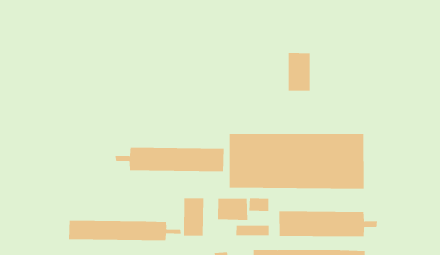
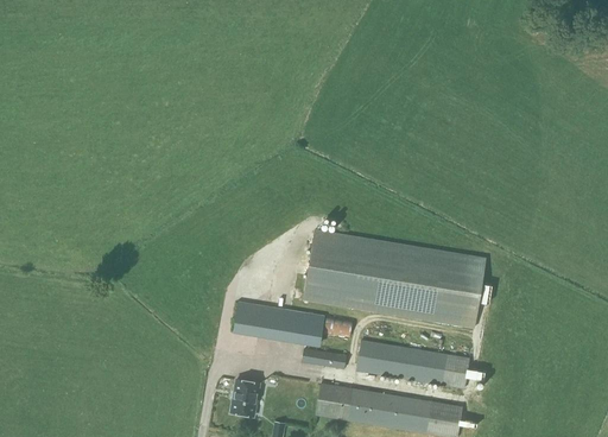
building: [288,52,310,91] -> none
building: [115,147,224,172] -> none
building: [69,220,181,241] -> none

